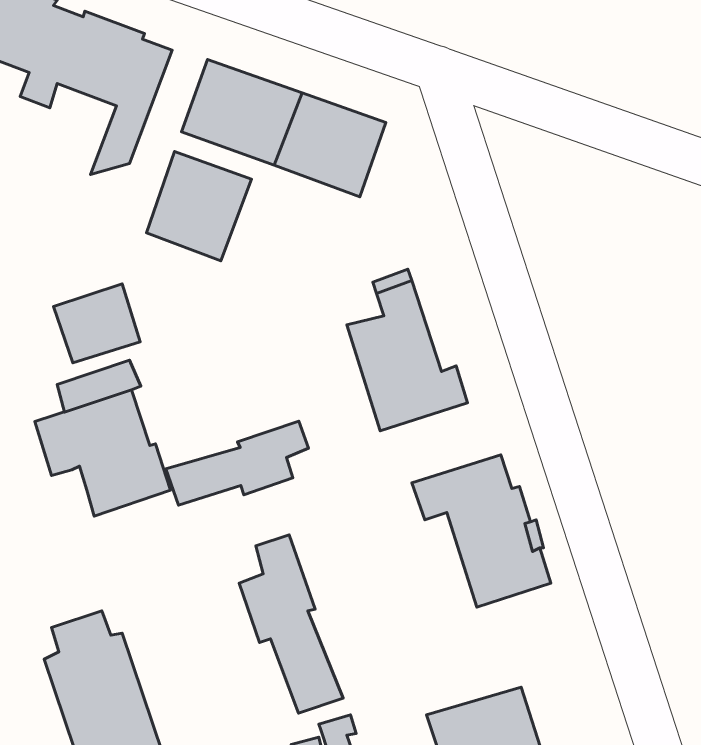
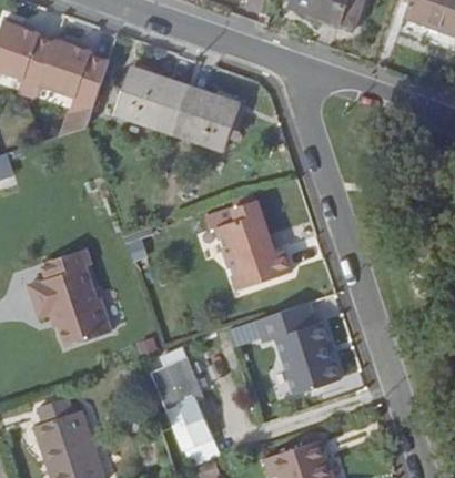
building: [146,151,252,261] -> none
building: [54,284,140,363] -> none
building: [166,421,308,505] -> none

